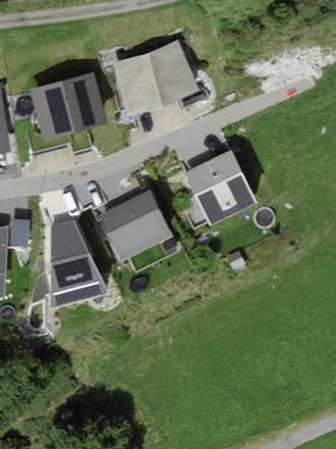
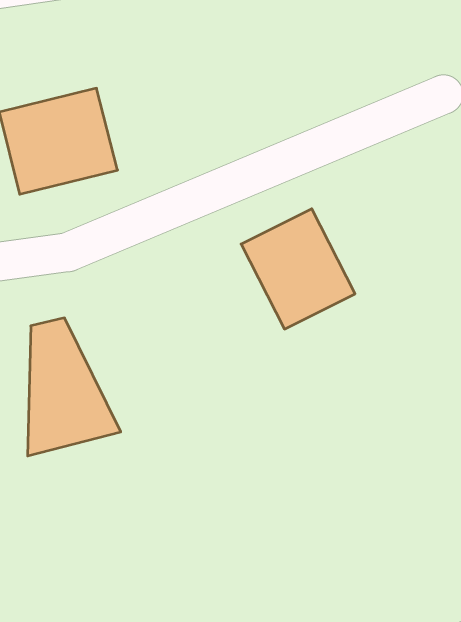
building: [118,39,199,111] -> none
building: [98,192,170,261] -> none

